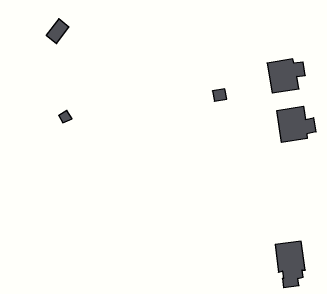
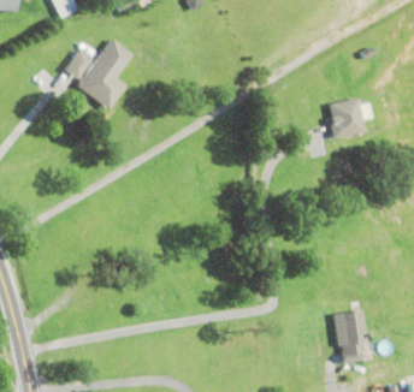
building: none -> [78,38,134,109]
building: [277,106,316,142] -> none

